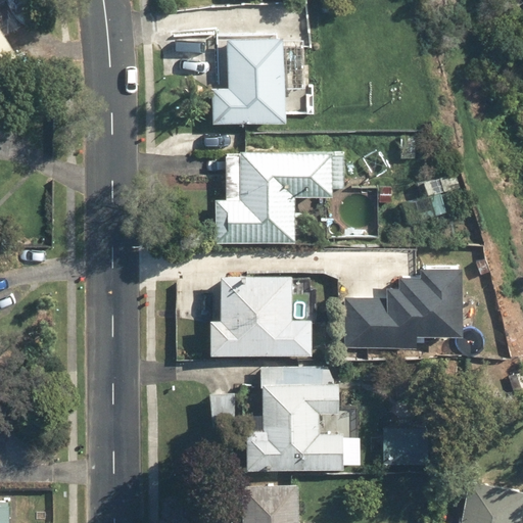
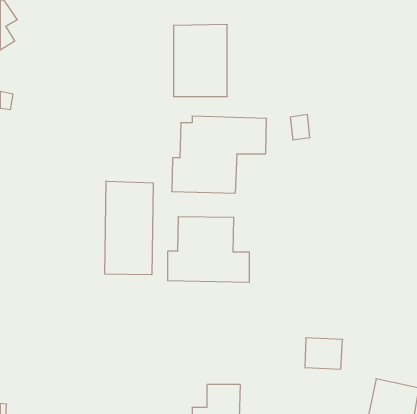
building: none -> [105,181,153,275]
building: [345,263,461,349] -> none
building: [247,368,343,471] -> none

